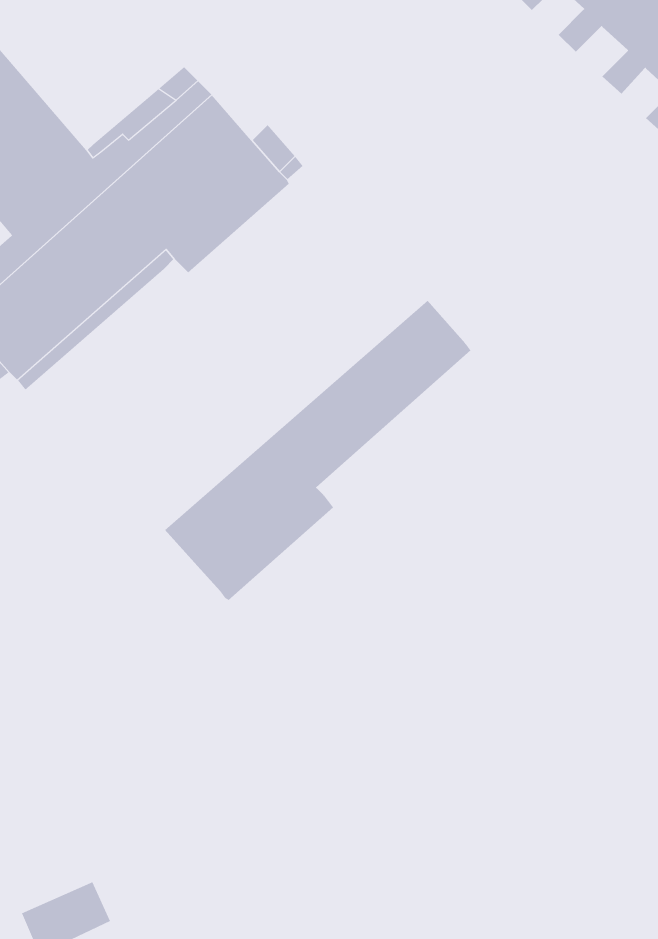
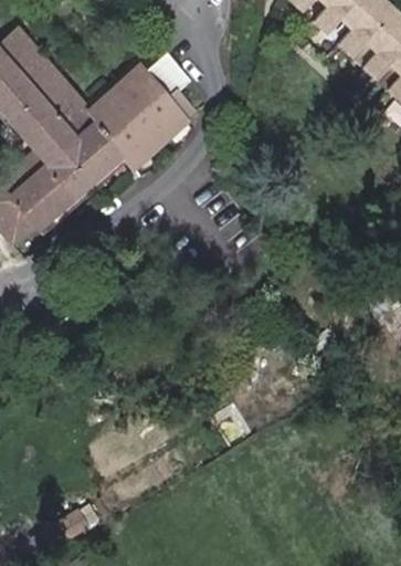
building: [164,300,471,601] -> none

